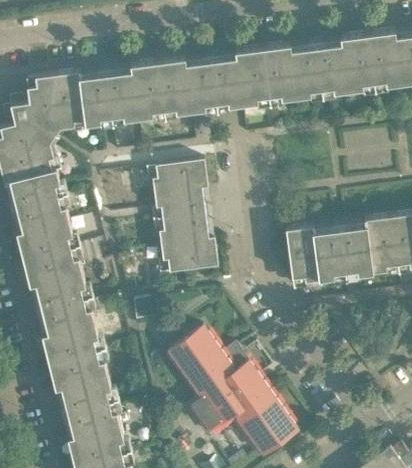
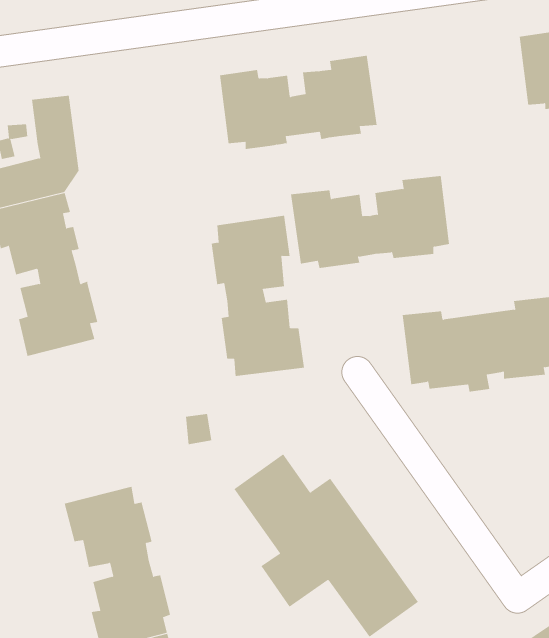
building: [262,37,374,102] -> [290,176,450,268]
building: [53,64,164,131] -> none
building: [23,249,98,364] -> none

